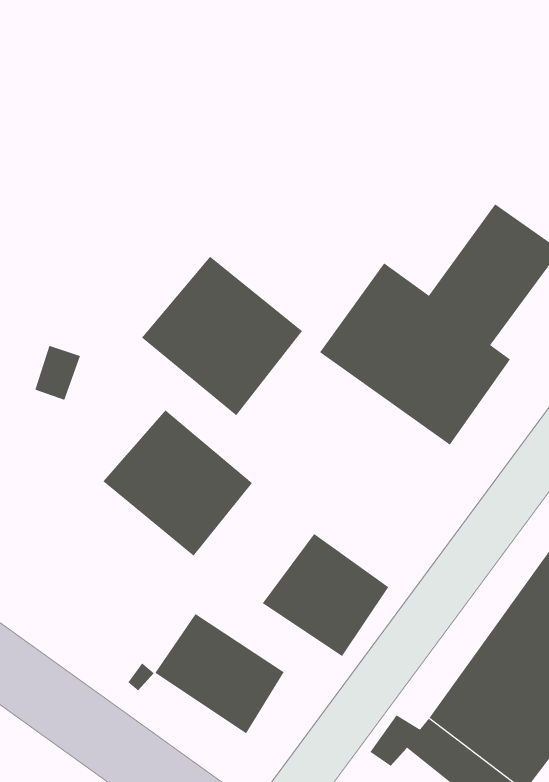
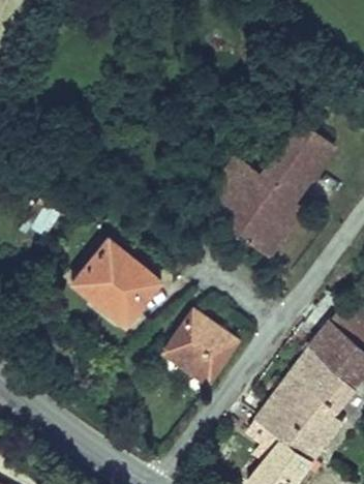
building: [141,256,303,416] -> none
building: [154,613,285,734] -> none

